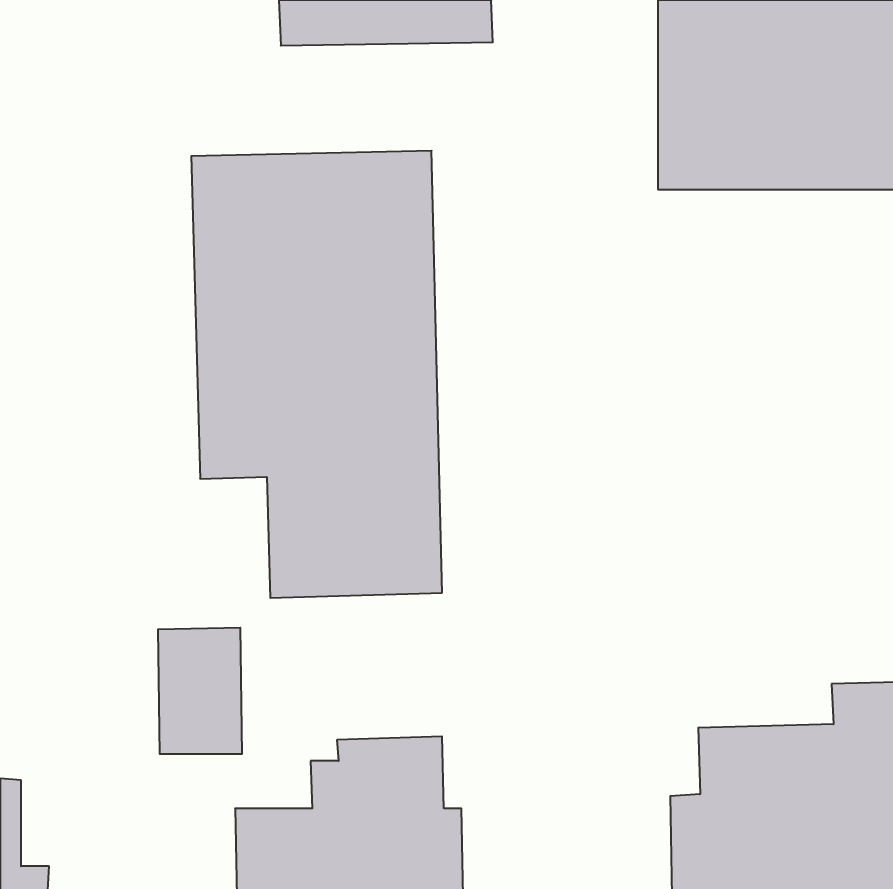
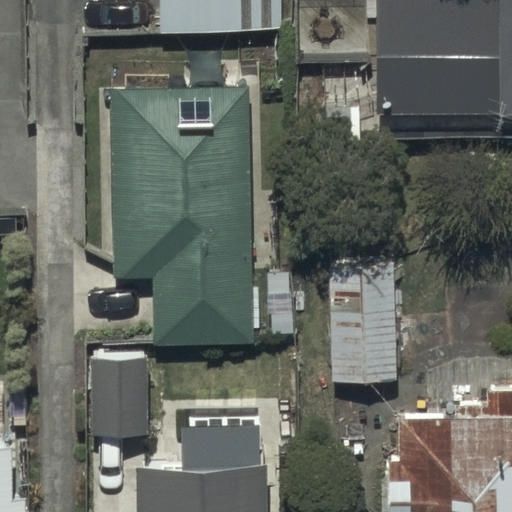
building: none -> [329,261,399,380]

